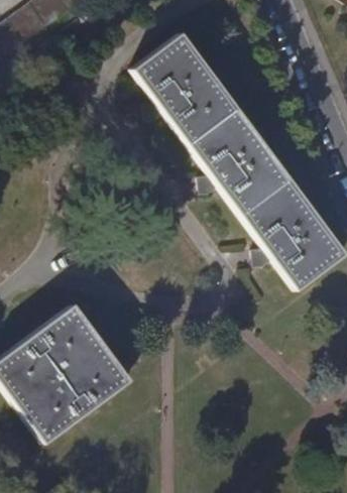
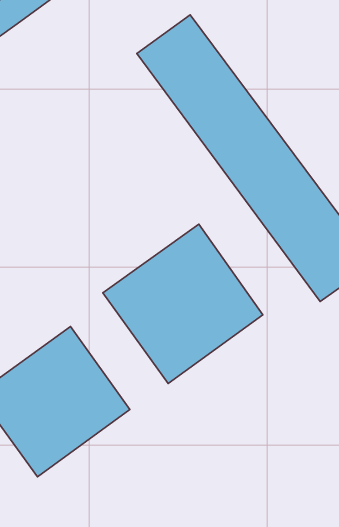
building: none -> [103,224,263,383]

